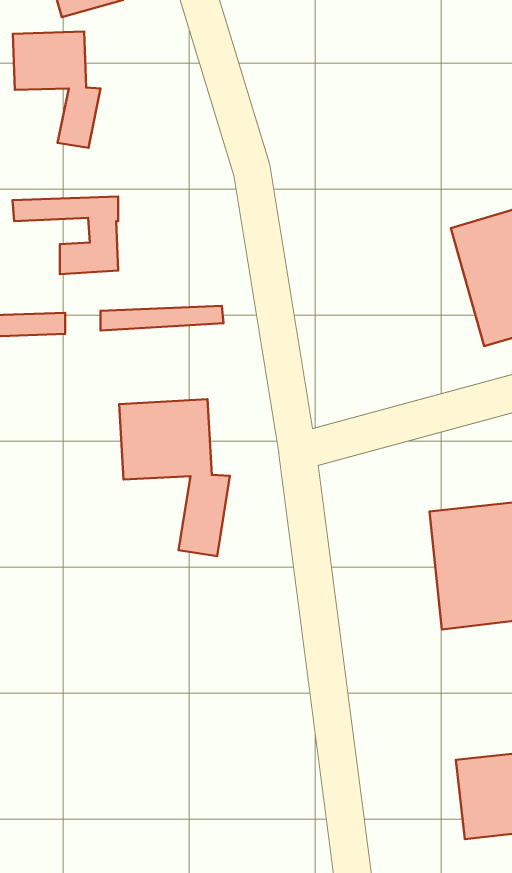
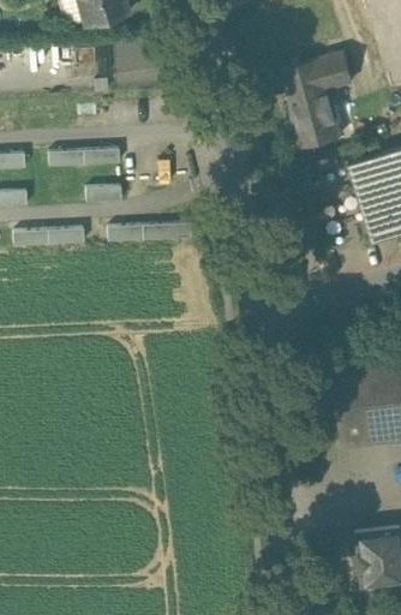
building: [13,32,101,148] -> none
building: none -> [277,52,351,148]
building: [119,399,230,556] -> none

